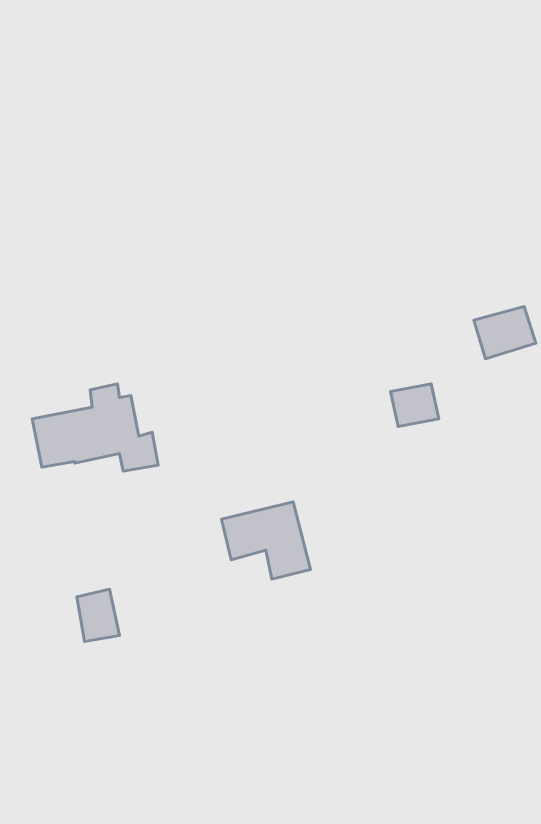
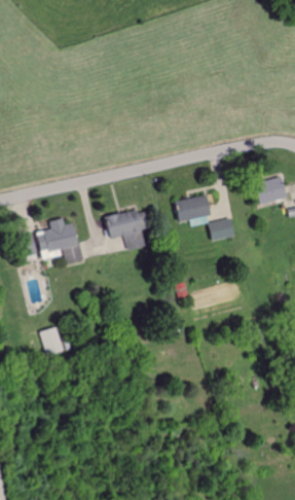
building: none -> [175,193,212,224]
building: [221,502,310,579] -> [103,208,150,249]

